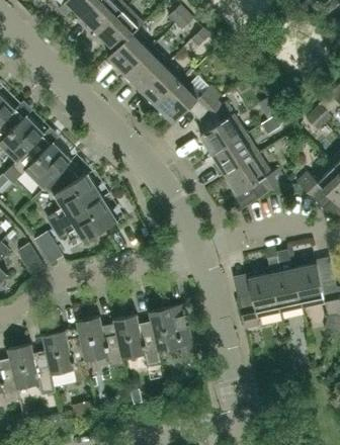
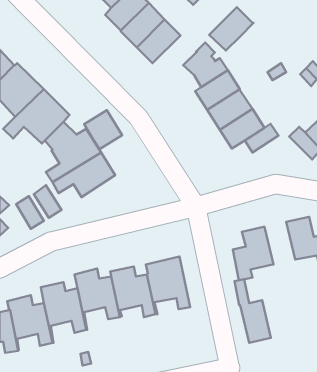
building: [157,79,202,123] -> [209,7,254,51]
building: none -> [84,110,122,149]
building: [265,248,303,313] -> [234,279,271,343]

